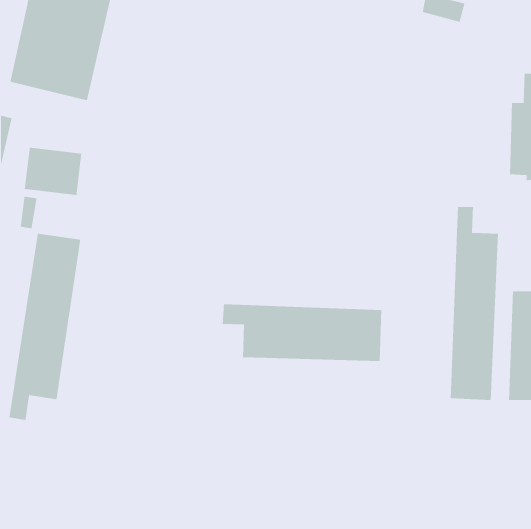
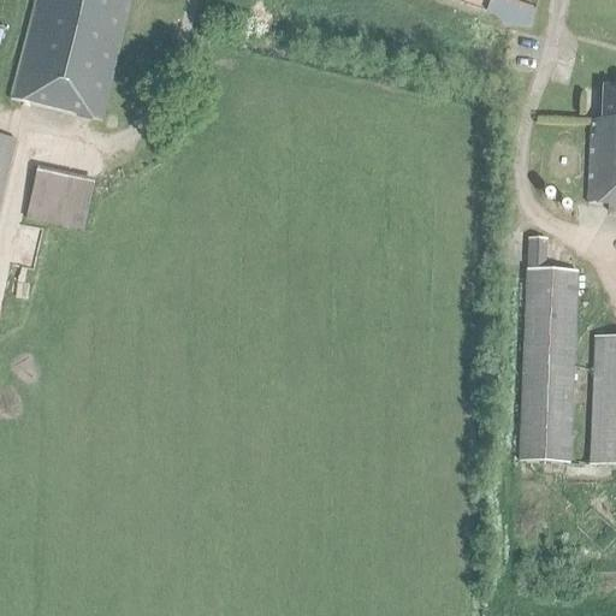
building: [9,233,81,421] -> none
building: [222,304,382,362] -> none

